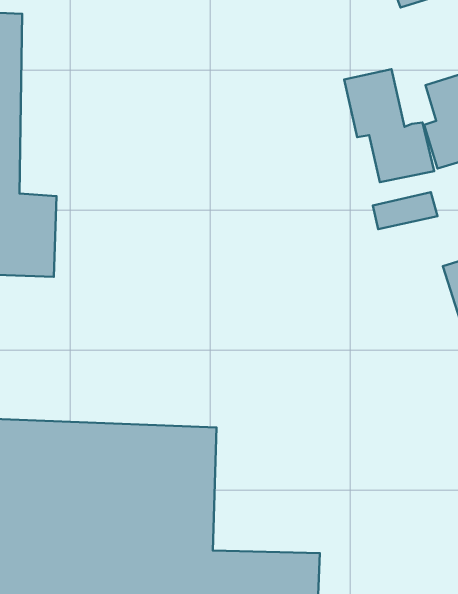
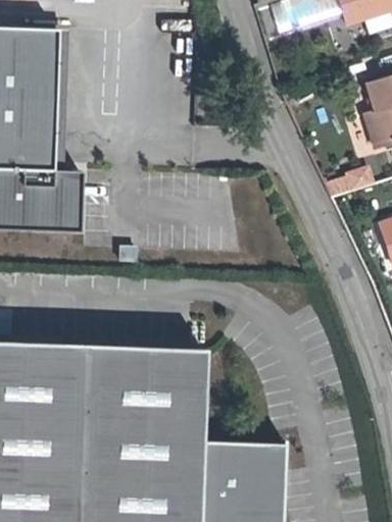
building: [344,69,434,182] -> none

